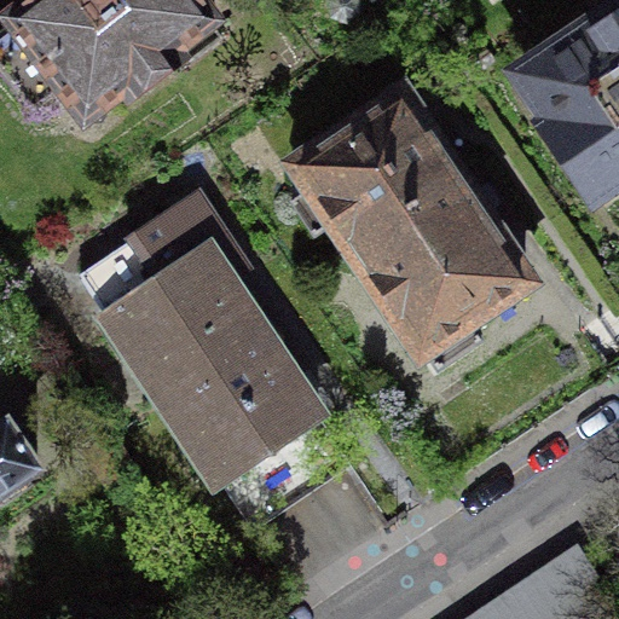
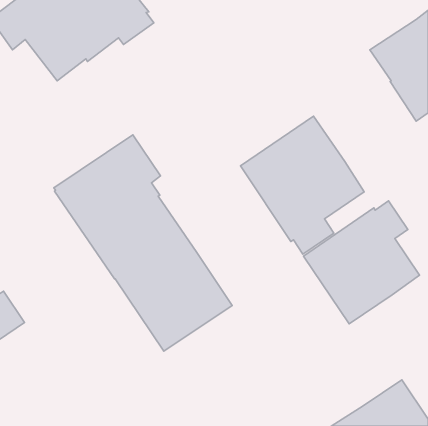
building: [289,89,451,238] -> none
building: none -> [303,201,419,324]

